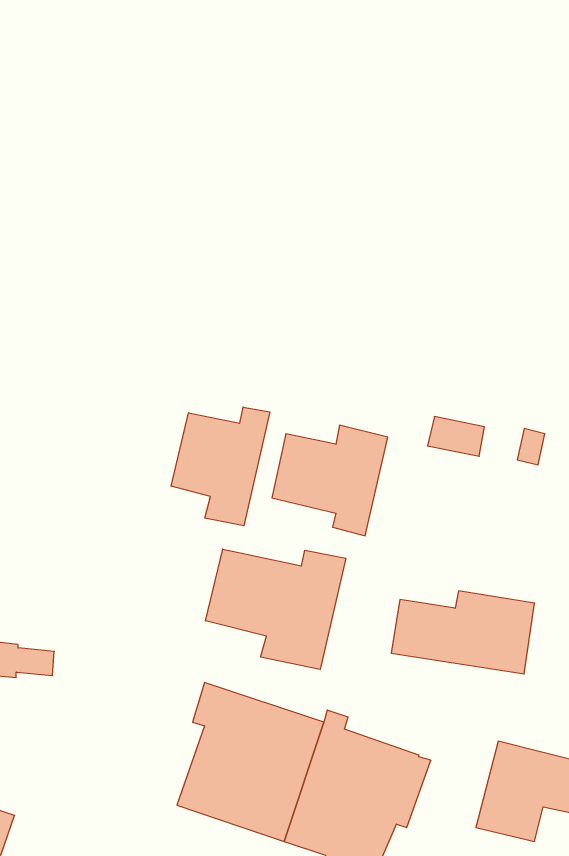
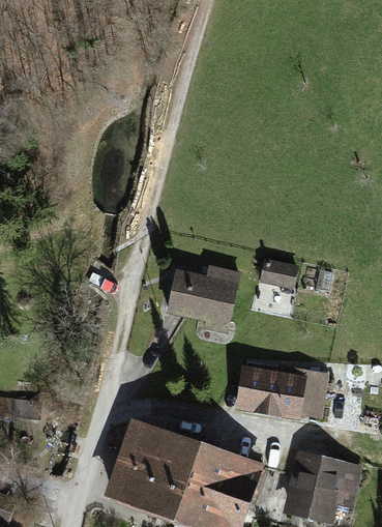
building: [171,407,270,526] -> none
building: [206,549,346,669] -> none

